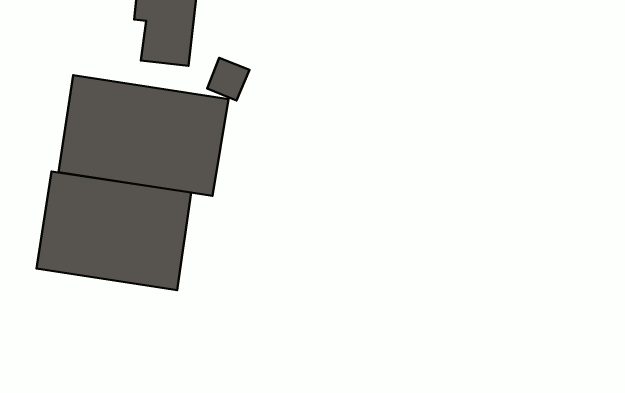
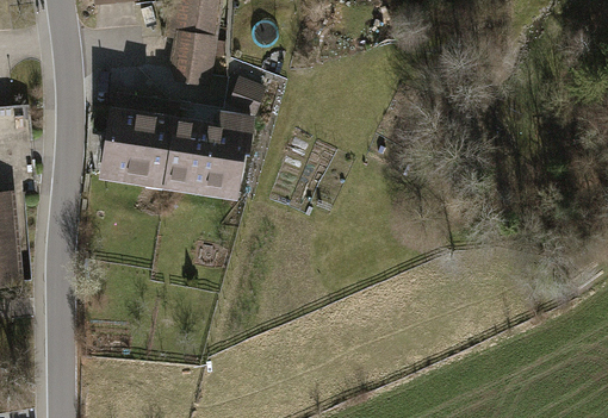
building: [36,171,191,290] -> none

